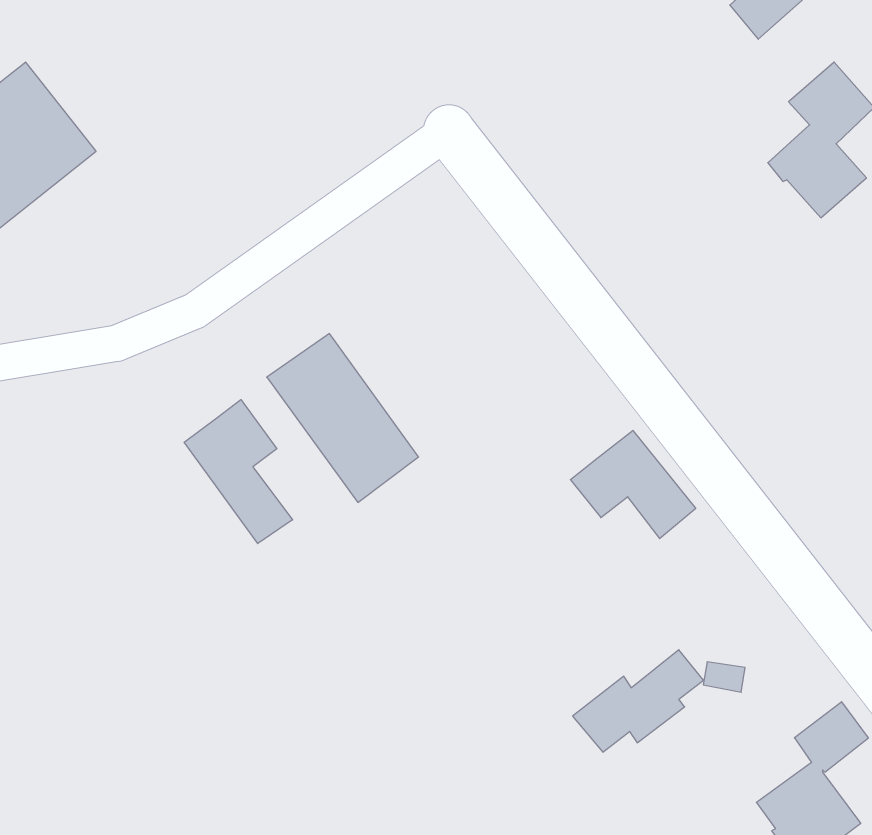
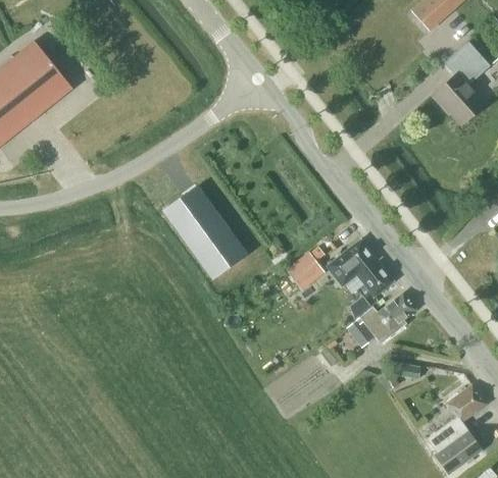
building: [184,400,293,544] -> none
building: none -> [285,251,326,290]
building: [573,650,704,752] -> [345,293,415,348]

